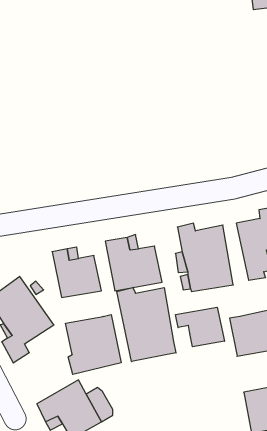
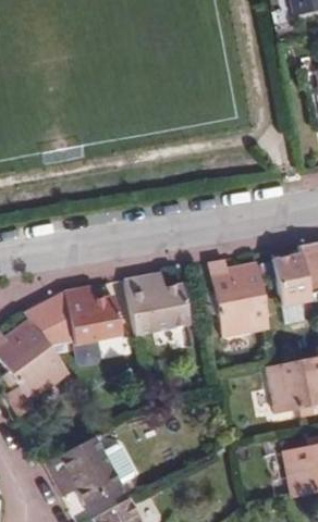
building: [117,287,176,362] -> none
building: [176,307,224,347] -> none
building: [66,315,121,374] -> none

